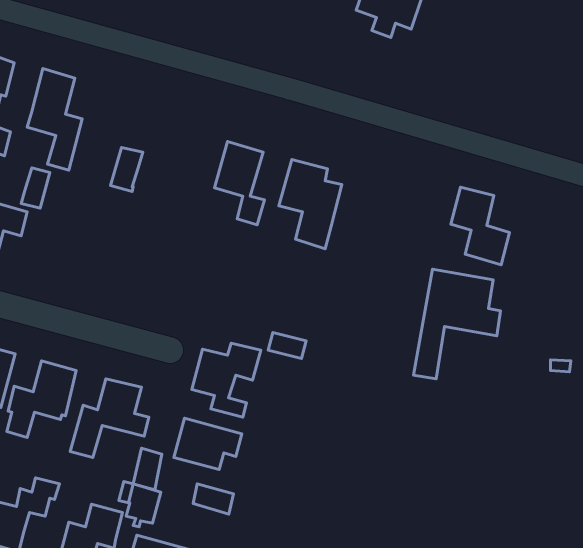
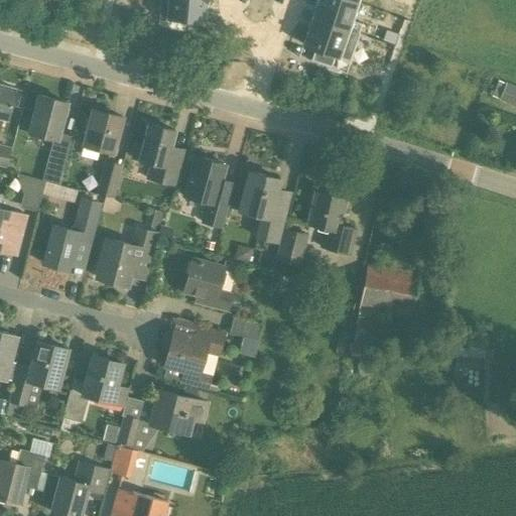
building: none -> [84,110,123,152]
building: none -> [131,124,182,184]
building: [451,187,509,265] -> [308,191,358,257]
building: none -> [43,199,102,270]
building: none -> [98,211,163,285]
building: none -> [276,228,308,266]
building: none -> [185,259,232,310]
building: [193,484,233,514] -> none

